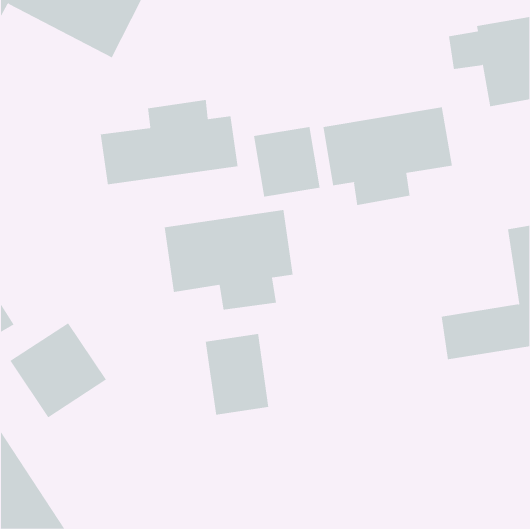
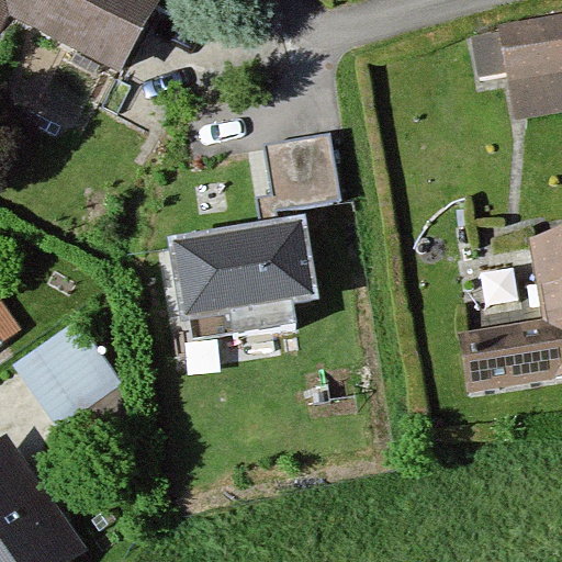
building: [100,99,238,185] -> none
building: [323,107,452,206] -> none
building: [205,333,269,416] -> none

